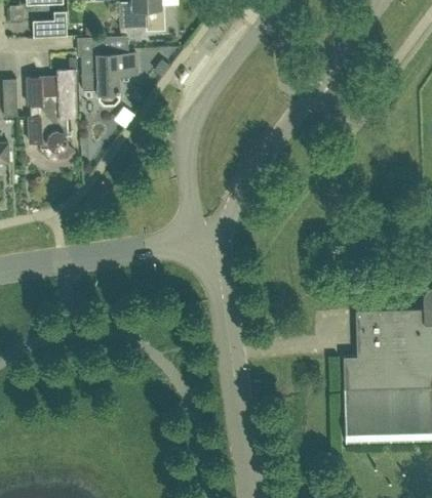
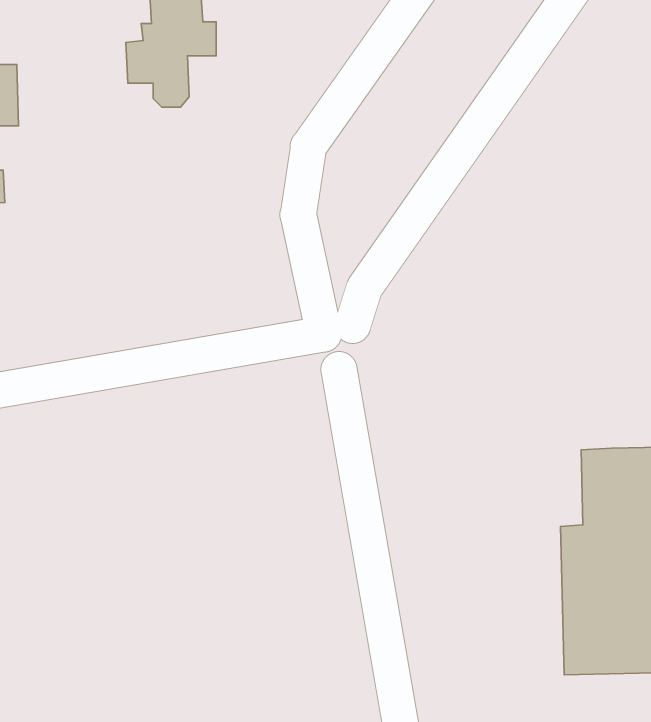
building: [26,56,76,159] -> none

